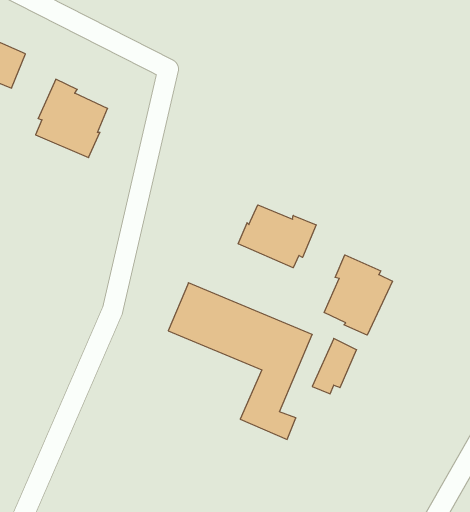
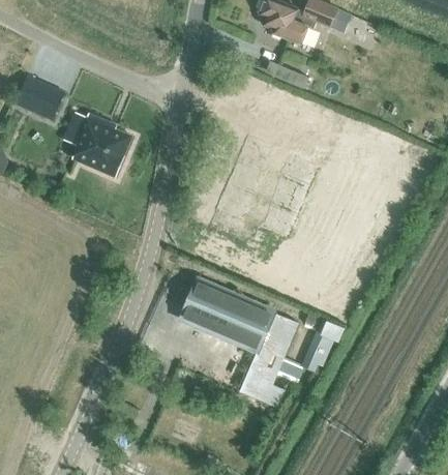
building: [238,205,316,268] -> none
building: [324,255,392,335] -> none

